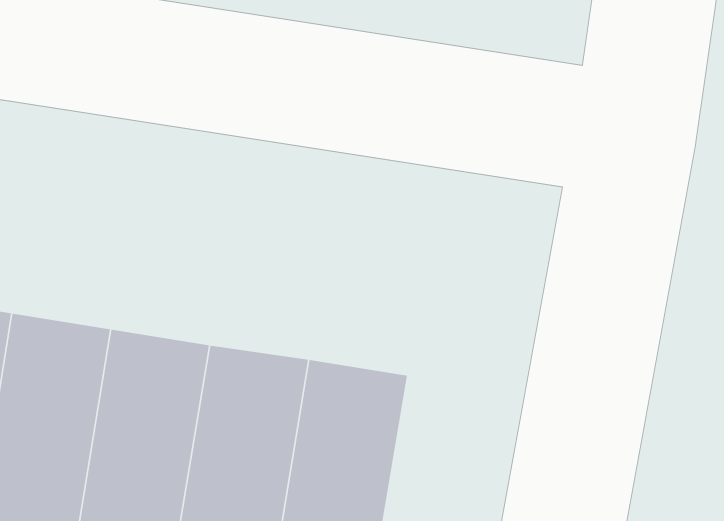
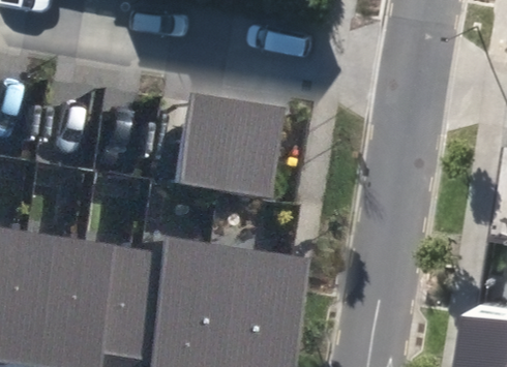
building: none -> [177,96,285,197]

